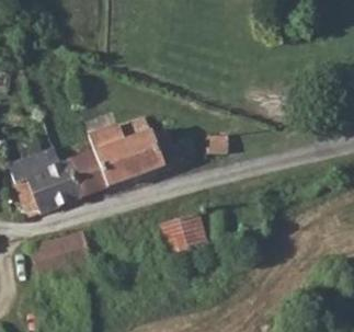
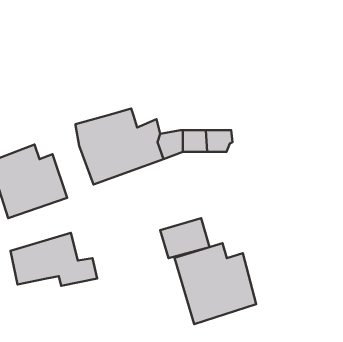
building: [67,150,104,197] -> none
building: none -> [175,243,256,324]

